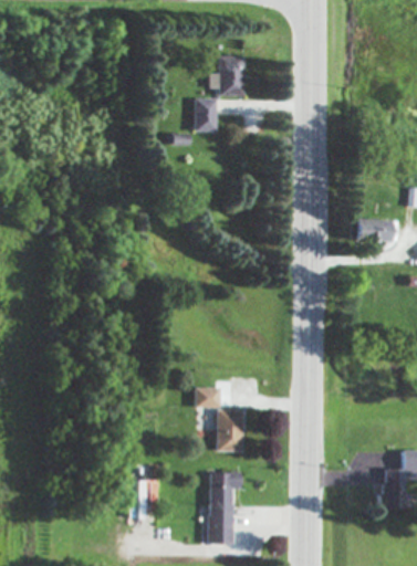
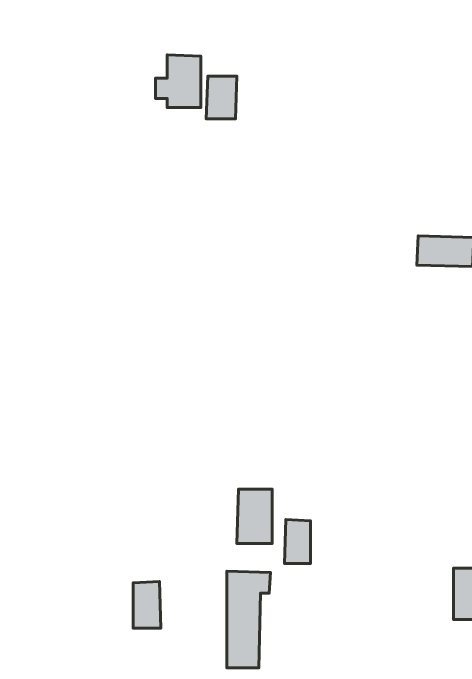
building: [209,55,243,95] -> [155,55,201,107]
building: [197,387,220,408] -> none
building: none -> [284,519,310,564]

